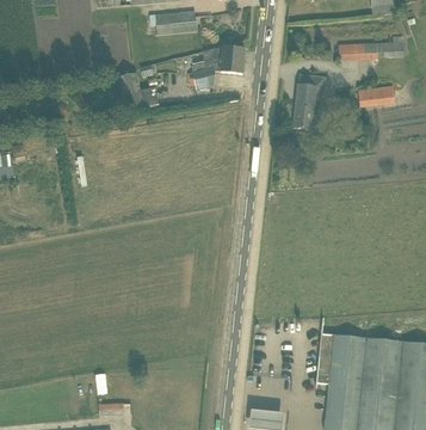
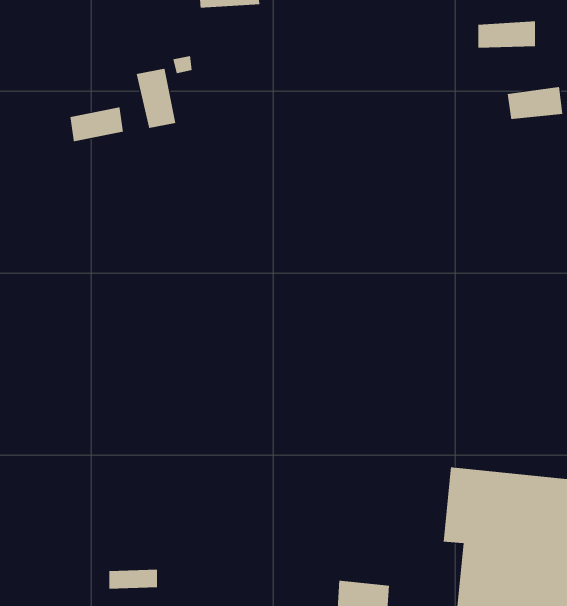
building: [191,47,245,90] -> none
building: [292,74,327,129] -> none
building: none -> [70,107,124,142]

